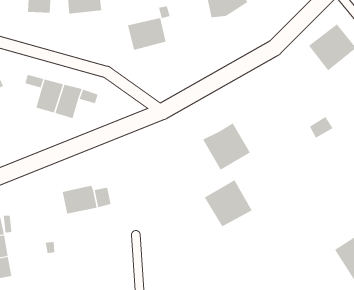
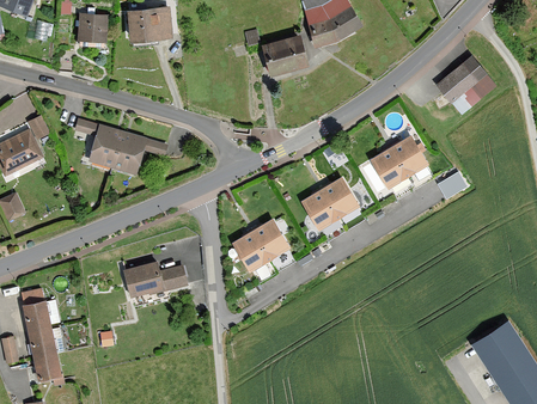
building: [127,18,166,50] -> [260,36,310,78]
building: none -> [372,137,433,200]
building: [204,180,253,227] -> [233,220,295,281]

